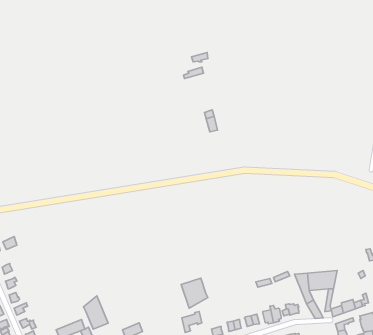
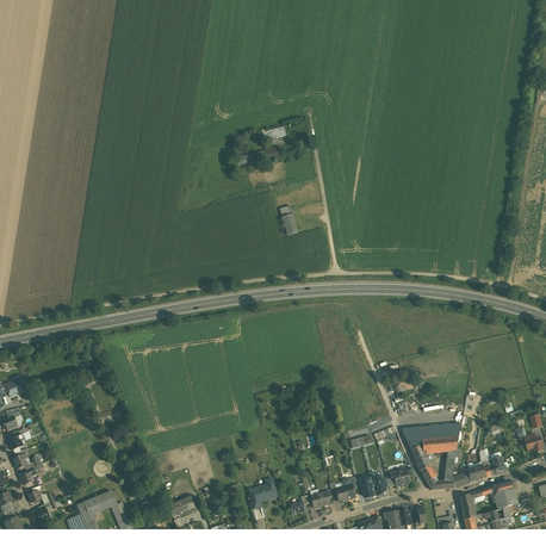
building: [181,278,208,308] -> none
building: [83,296,108,329] -> none

